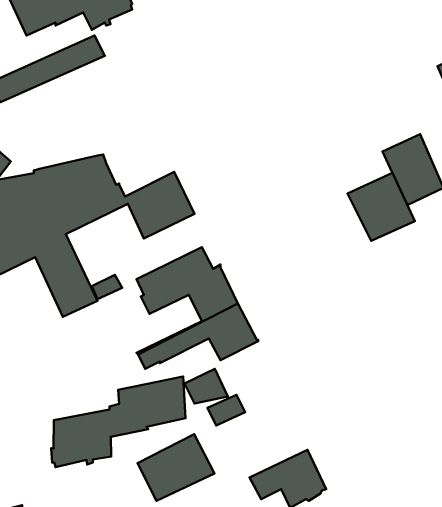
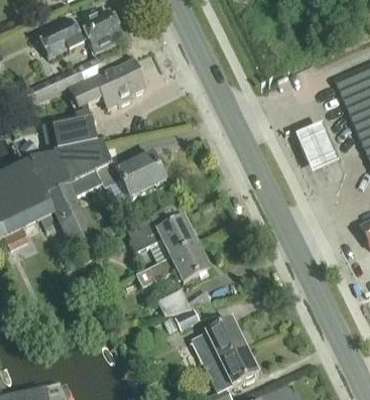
building: none -> [51,60,146,148]
building: [348,173,415,241] -> none
building: [51,377,186,467] -> none
building: [138,434,214,501] -> [191,318,244,365]

